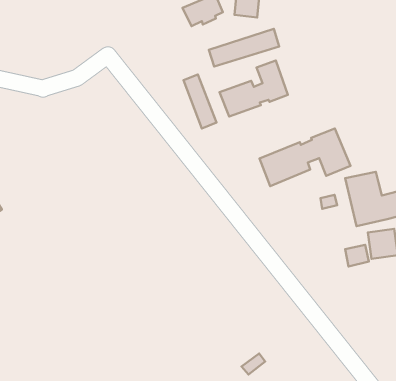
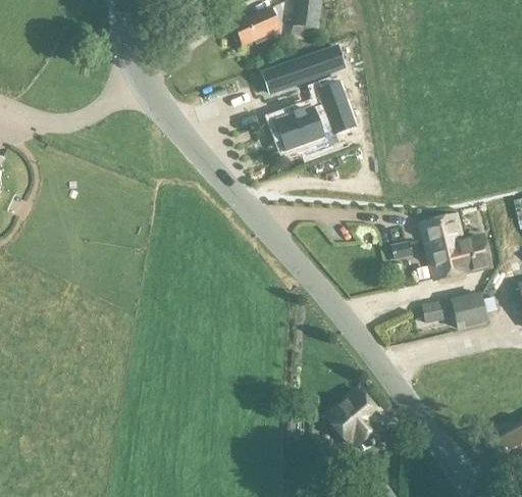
building: [184,75,217,128] -> none
building: [260,128,351,186] -> none
building: none -> [324,390,379,446]

